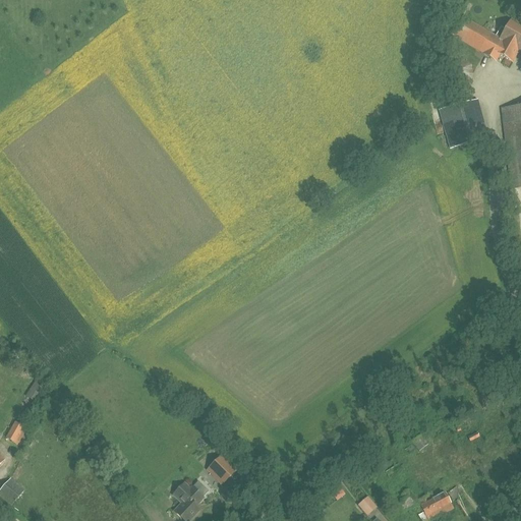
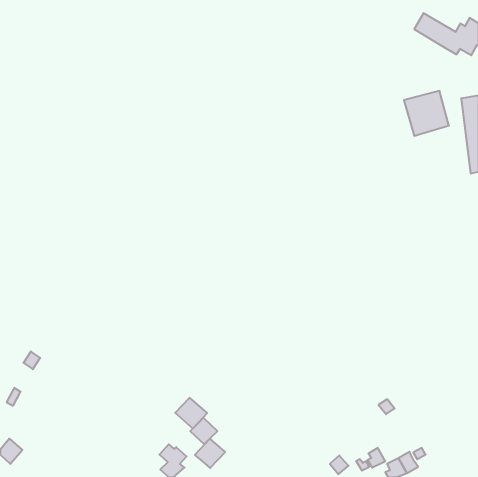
building: none -> [175,398,207,428]
building: none -> [195,439,225,468]

